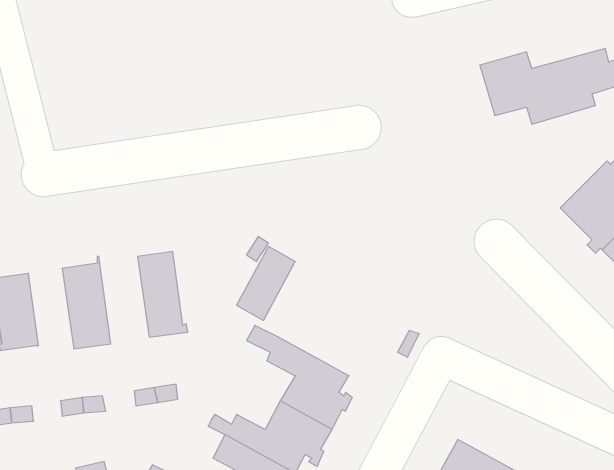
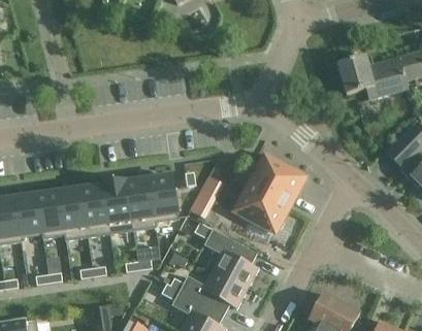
building: none -> [234,155,303,231]
building: none -> [148,172,180,222]
building: none -> [102,179,133,233]
building: none -> [59,187,87,239]

